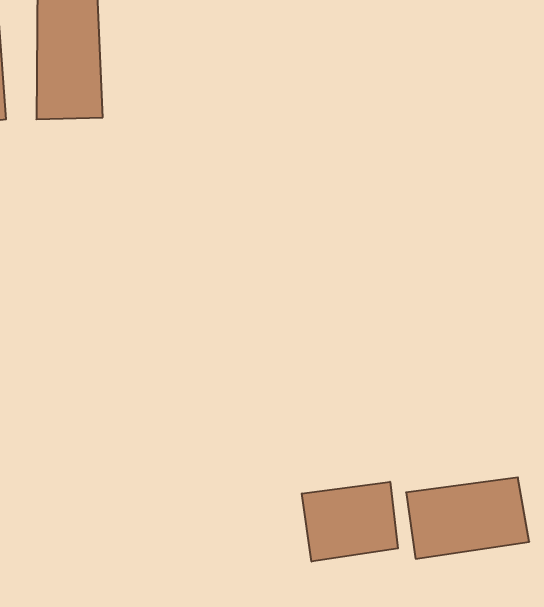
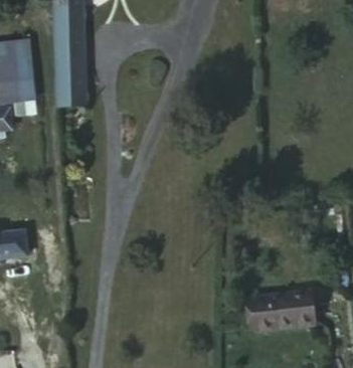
building: [302,482,398,562] -> none

